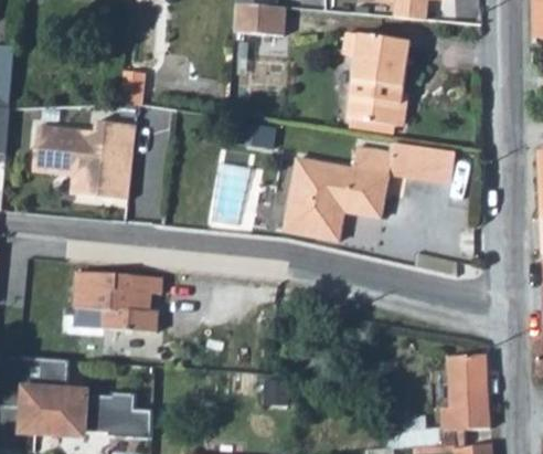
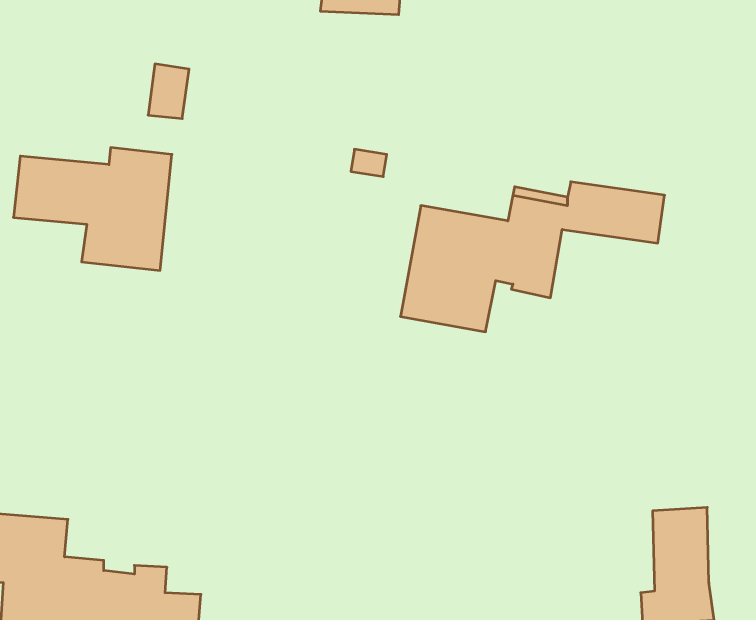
building: [344,32,411,126] -> none
building: [76,271,161,332] -> none

